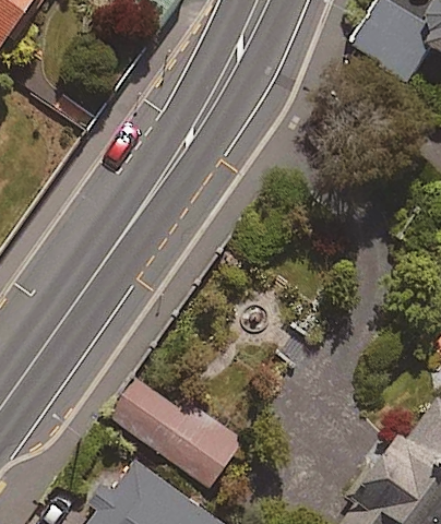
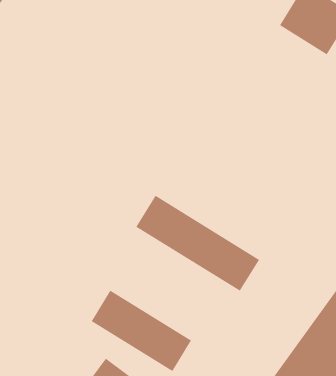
building: none -> [135,195,260,291]

